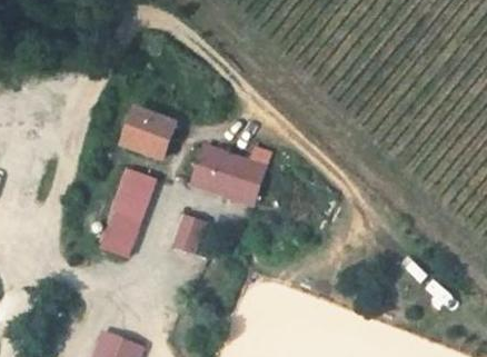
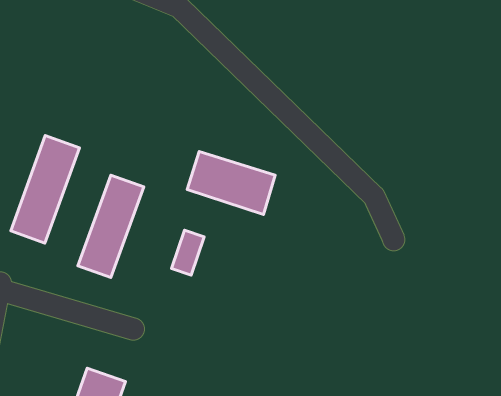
building: [125,112,173,156] -> none
building: none -> [11,135,79,243]

